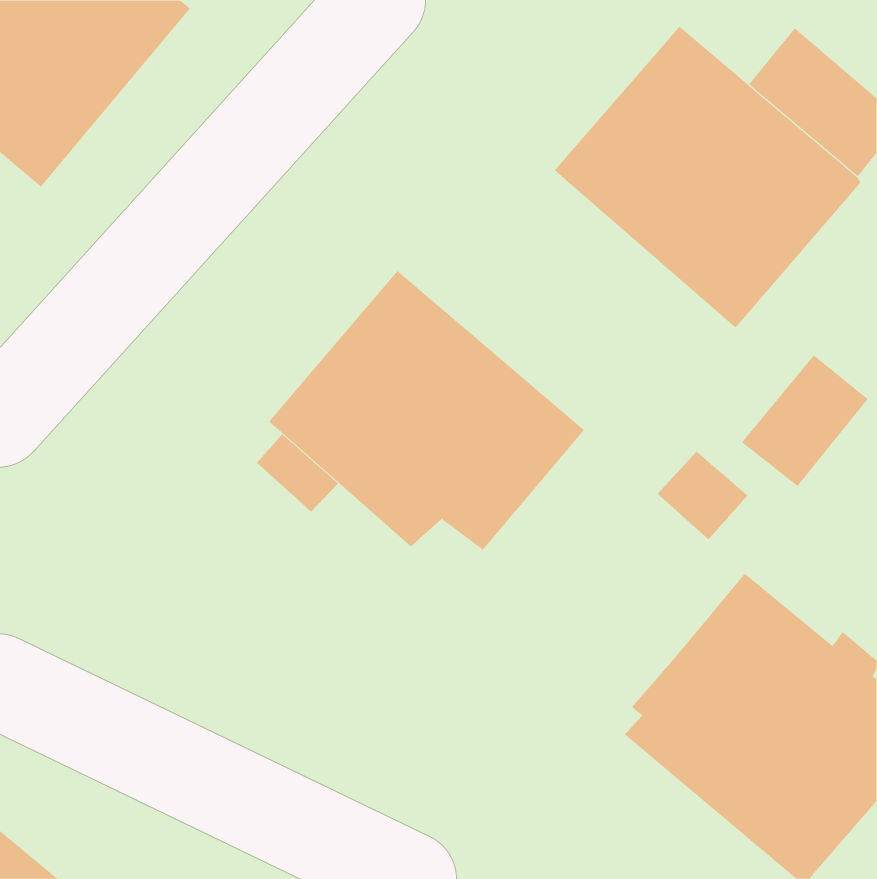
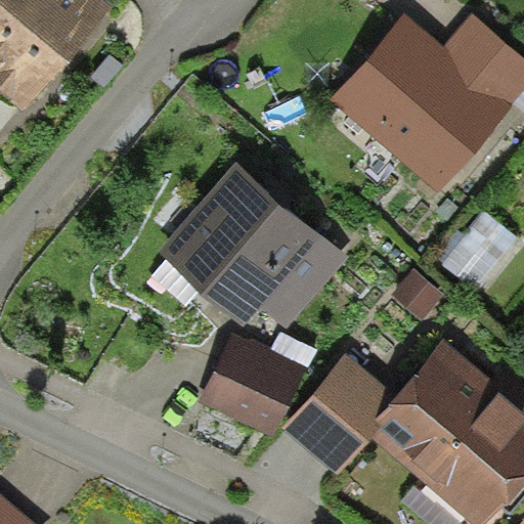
building: none -> [200,331,306,435]
building: none -> [283,347,402,475]

